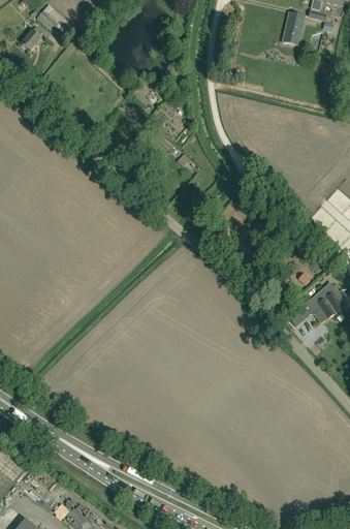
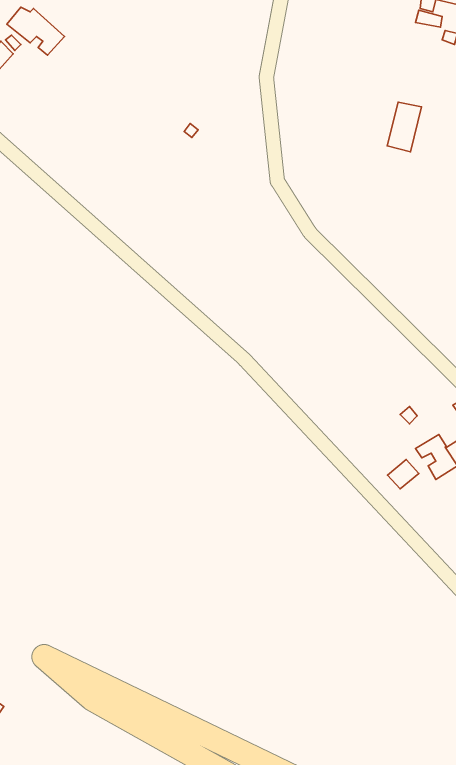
building: [282,12,305,45] -> [387,102,422,152]

